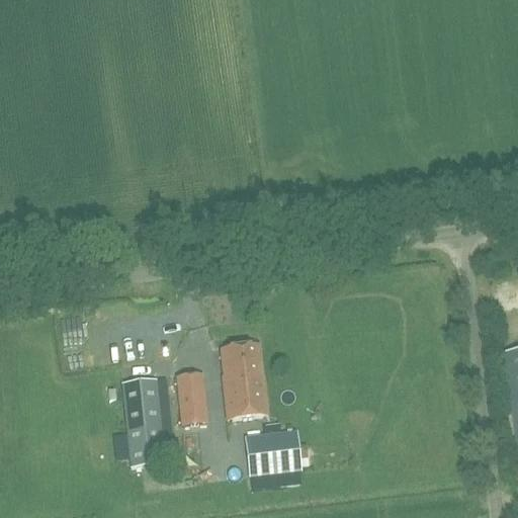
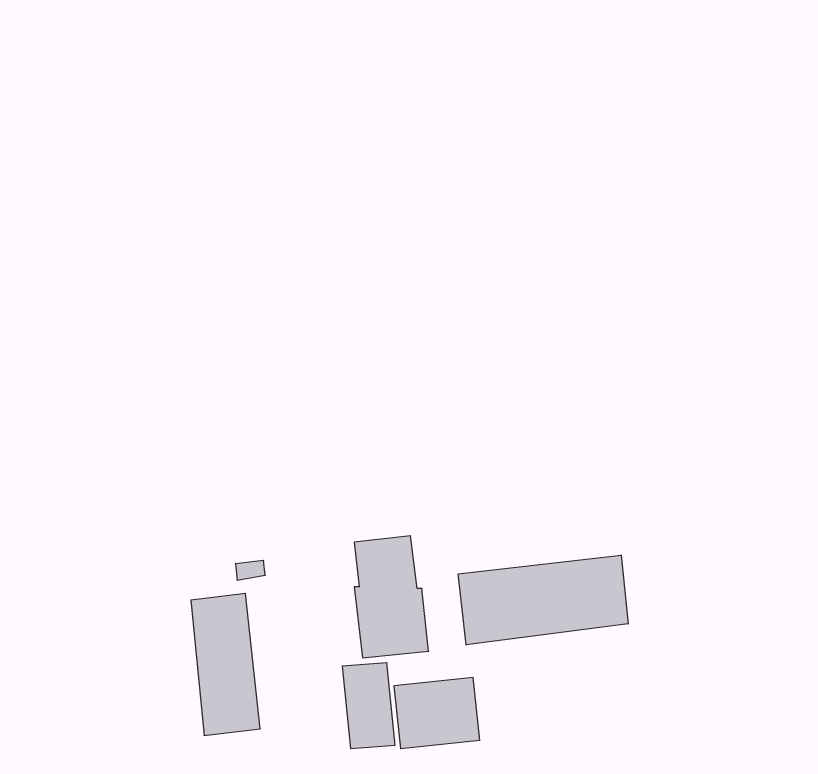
building: none -> [458,555,628,645]
building: [176,371,208,424] -> [342,663,395,749]

